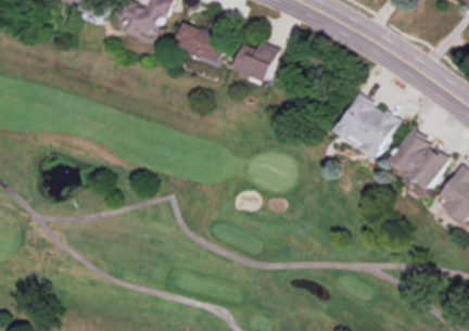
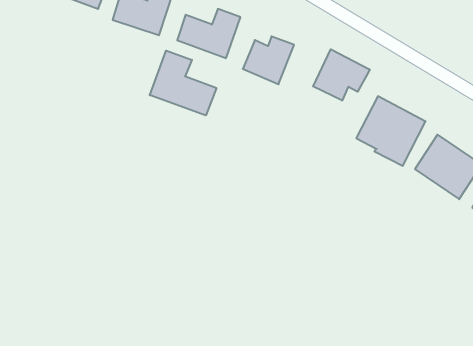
building: none -> [313,49,370,101]
building: none -> [150,51,216,115]

